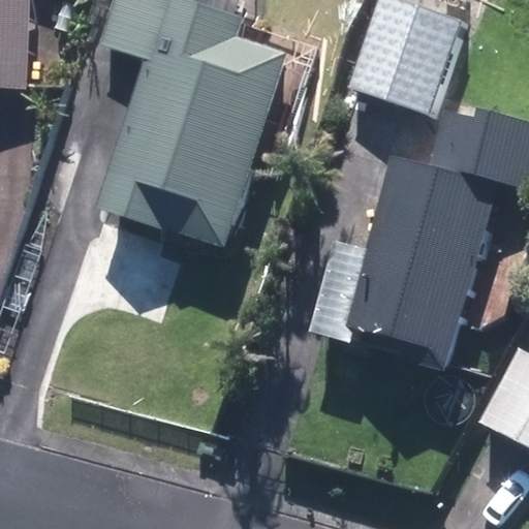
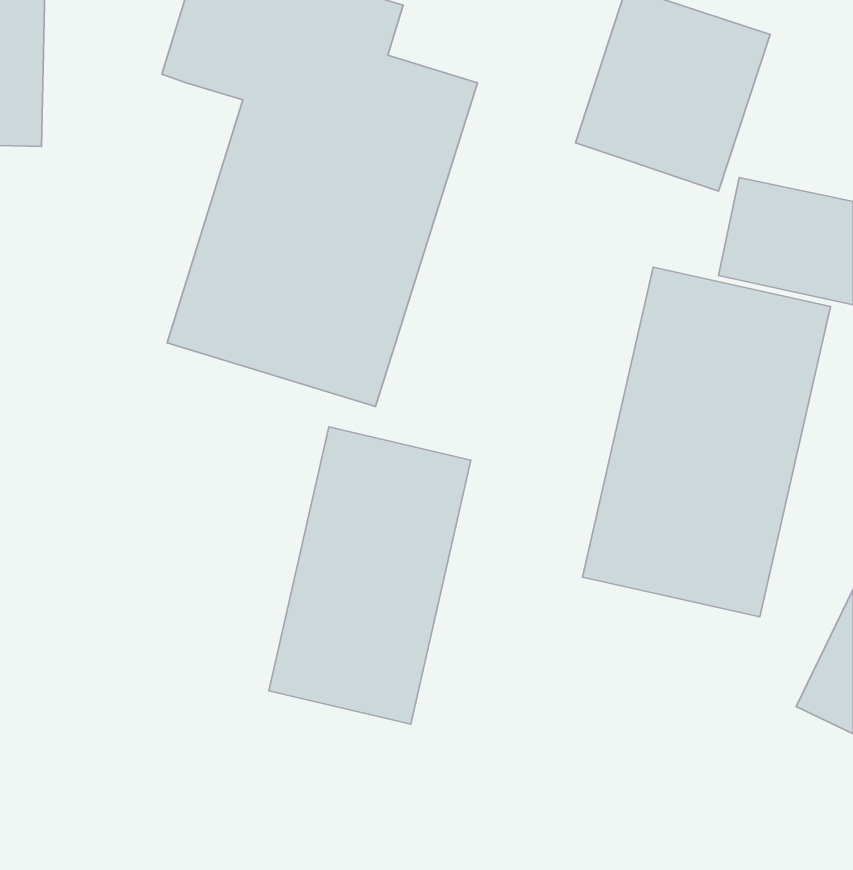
building: none -> [269,427,471,724]

